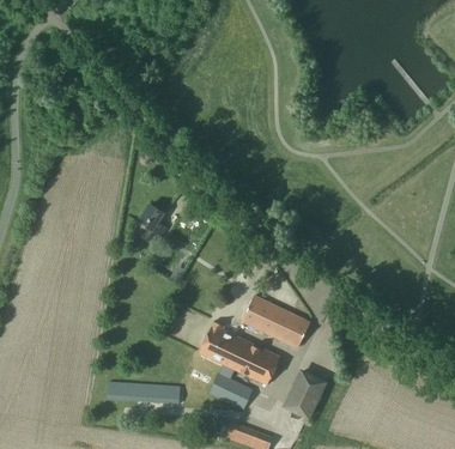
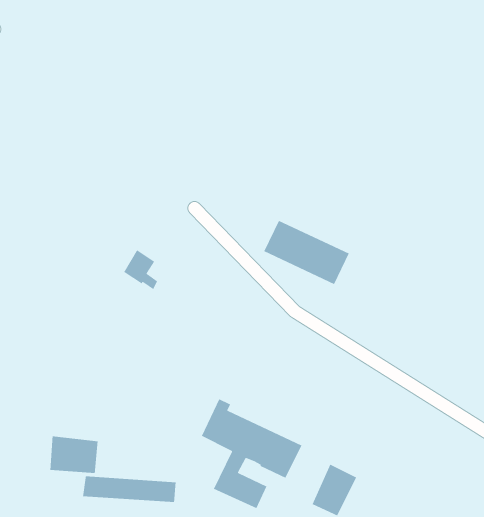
building: [242,296,310,347] -> [263,220,350,285]
building: none -> [49,435,98,474]

